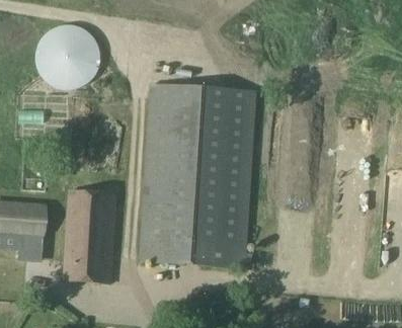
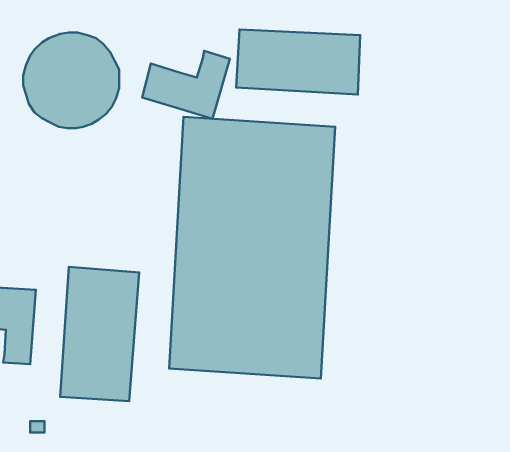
building: none -> [236,30,360,95]
building: none -> [142,51,230,119]

